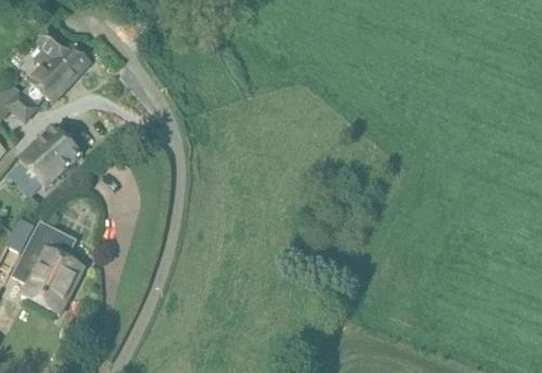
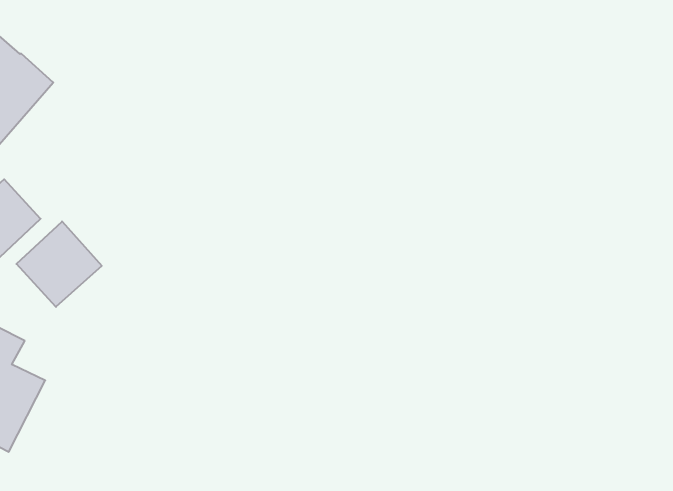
building: none -> [16,221,102,307]

